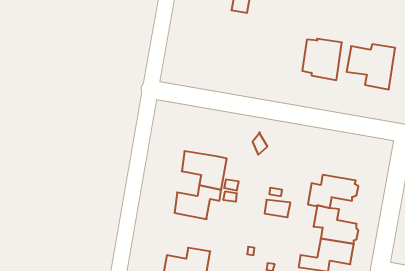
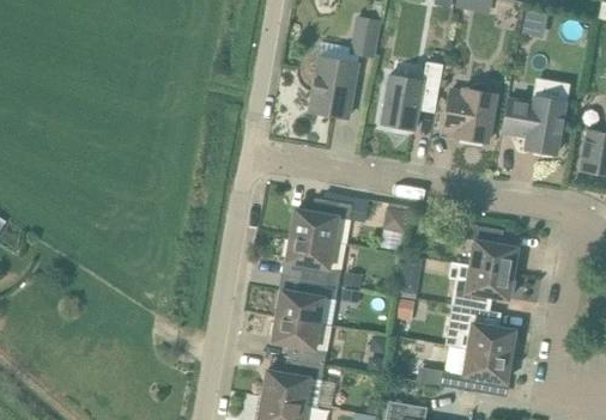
building: none -> [310,57,358,118]
building: none -> [381,62,443,130]
building: none -> [291,200,352,243]
building: none -> [463,224,517,274]
building: none -> [271,316,332,366]

